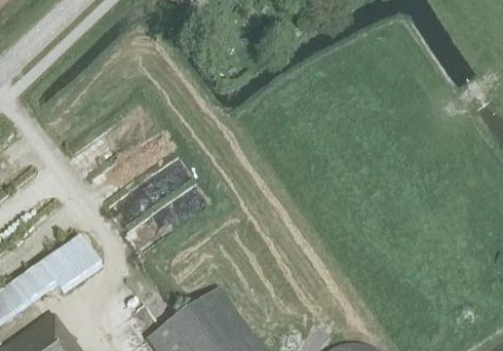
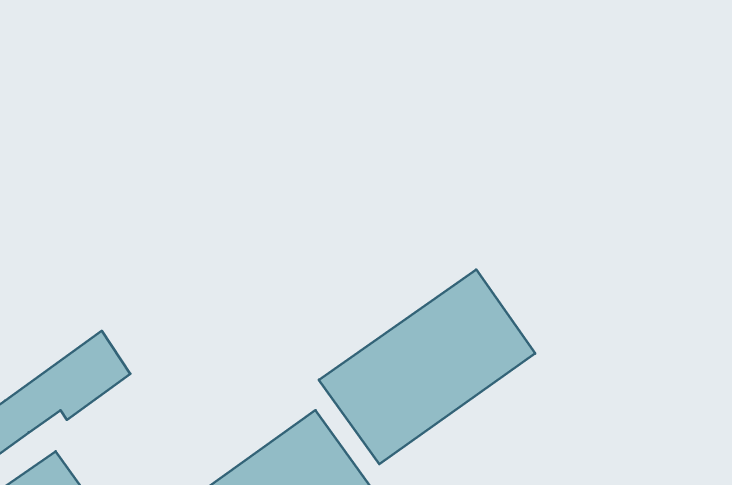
building: none -> [319,270,535,464]

